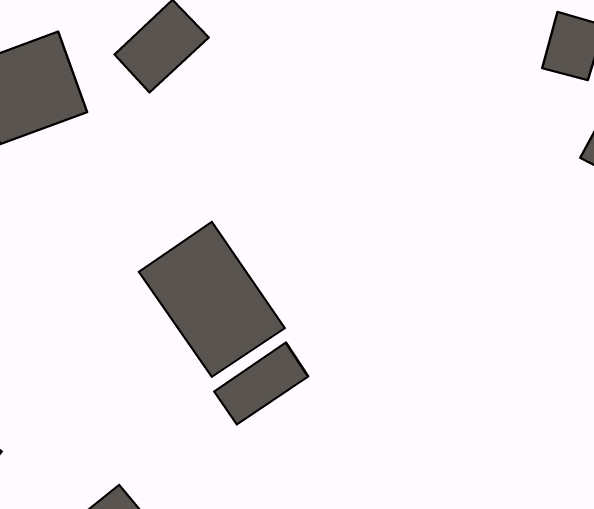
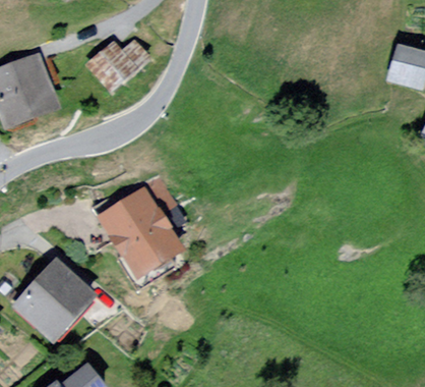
building: none -> [8,256,100,346]
building: [214,342,308,425] -> none

